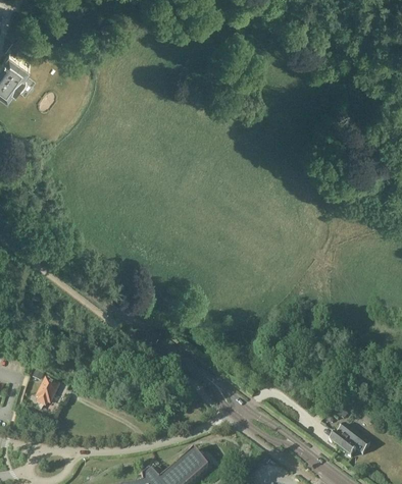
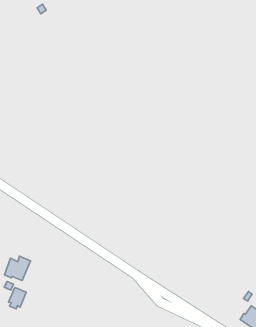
building: none -> [4,256,30,281]

